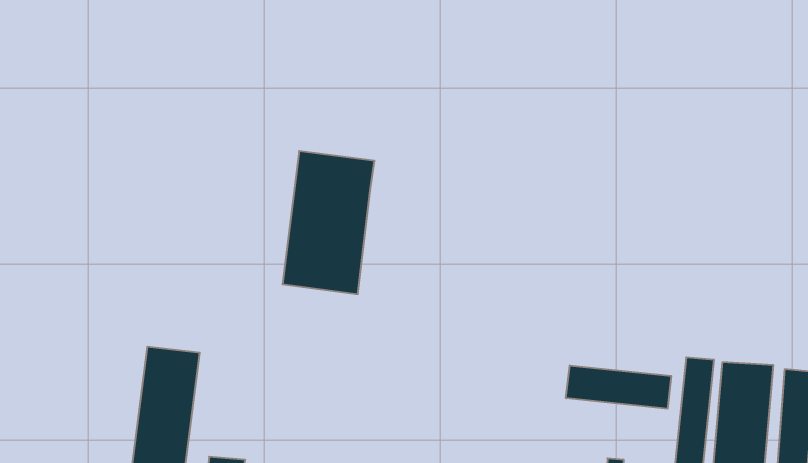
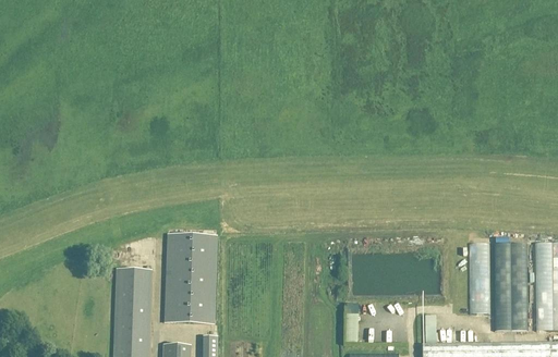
building: [282,151,375,294] -> [163,233,217,323]
building: [566,365,671,409] -> none

